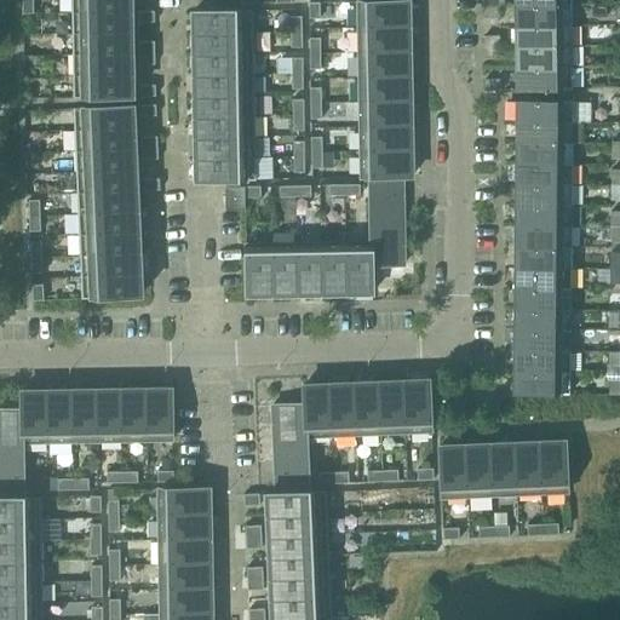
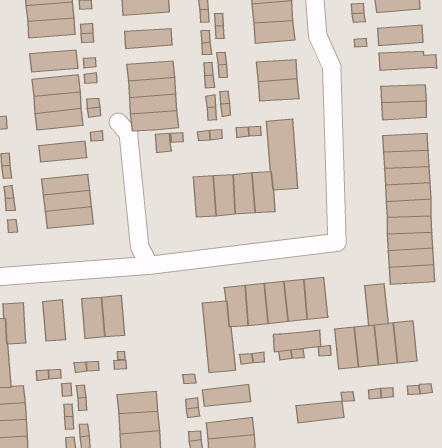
building: [194,31,254,53] -> none
building: [516,46,573,68] -> none
building: [73,53,132,75] -> none
building: [195,74,254,96] -> none
building: [360,76,411,102] -> none
building: [516,121,582,143] -> none
building: [361,151,412,178] -> none
building: [76,170,137,193] -> none
building: [515,184,572,205] -> none
building: [79,211,138,235] -> none
building: [246,243,272,295] -> none
building: [97,390,122,441] -> none
building: [47,391,73,442] -> none
building: [540,441,568,493] -> [364,284,388,326]
building: [159,488,209,515] -> none
building: [268,490,327,515] -> [273,330,321,352]
building: [269,533,329,557] -> [296,401,344,423]

